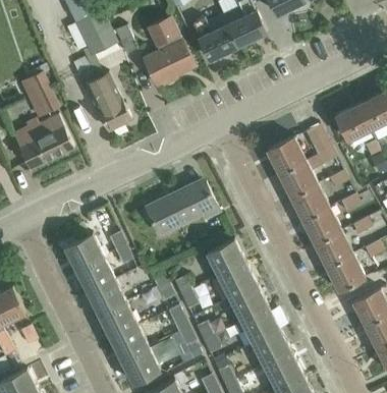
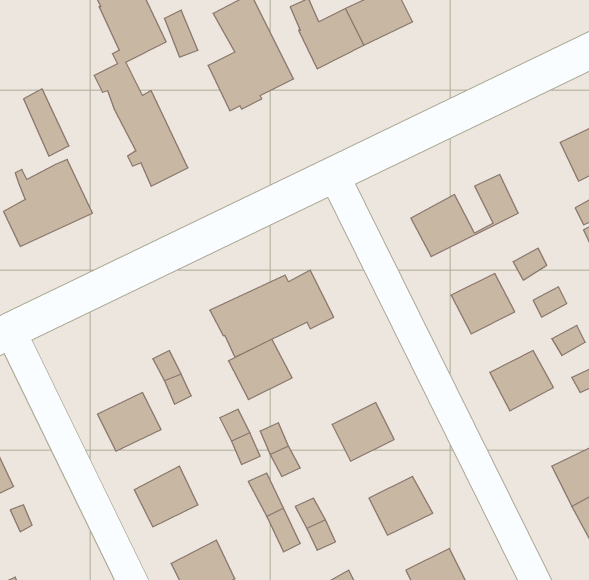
building: [335,106,369,141] -> none
building: [279,149,337,199] -> none
building: [303,209,341,245] -> none
building: [65,233,104,271] -> none
building: [207,240,245,277] -> [228,339,292,400]
building: [327,255,366,292] -> none
building: [88,280,126,317] -> none
building: [230,286,268,322] -> none
building: [110,326,149,361] -> none
building: [253,331,290,366] -> none

